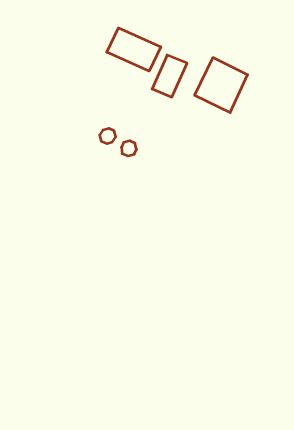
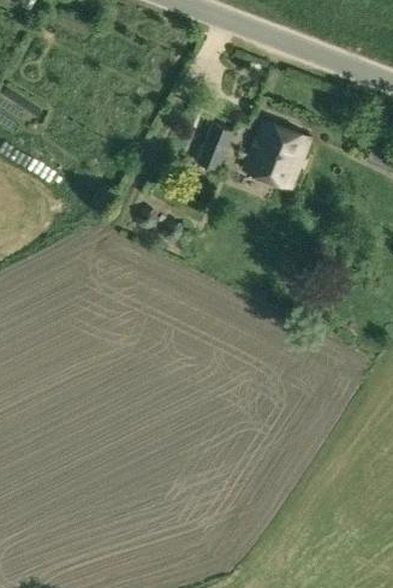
building: [107,28,161,71] -> none

